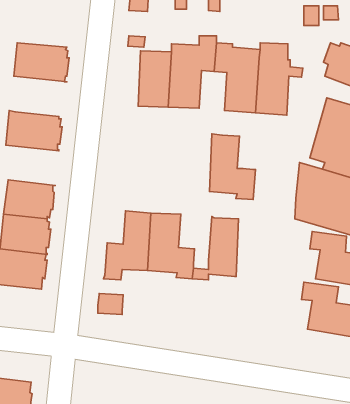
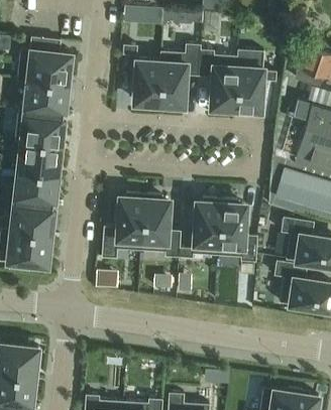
building: none -> [17,81,69,116]
building: [210,134,256,200] -> [217,206,257,263]
building: none -> [15,141,62,176]

